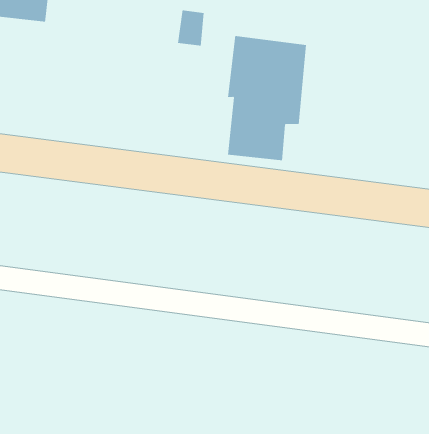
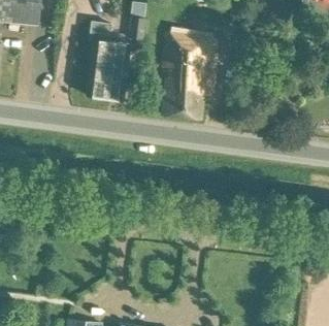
building: none -> [86,22,130,100]

